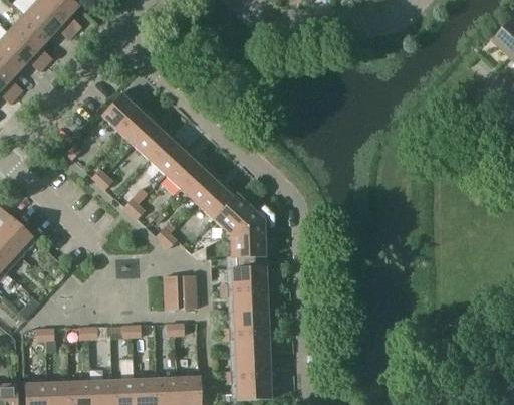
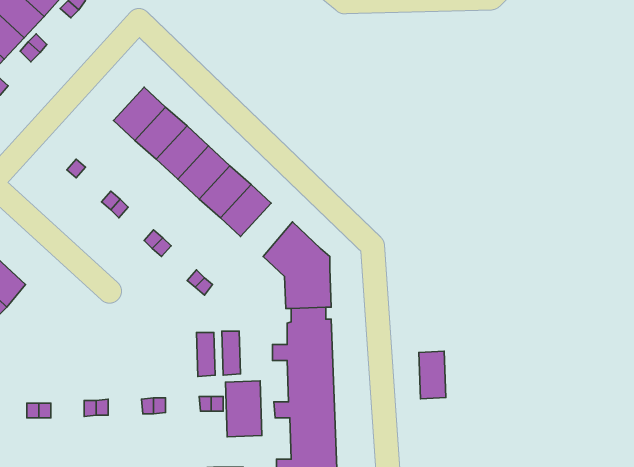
building: [197,178,236,218] -> none
building: none -> [419,351,446,399]
building: none -> [226,381,262,437]

